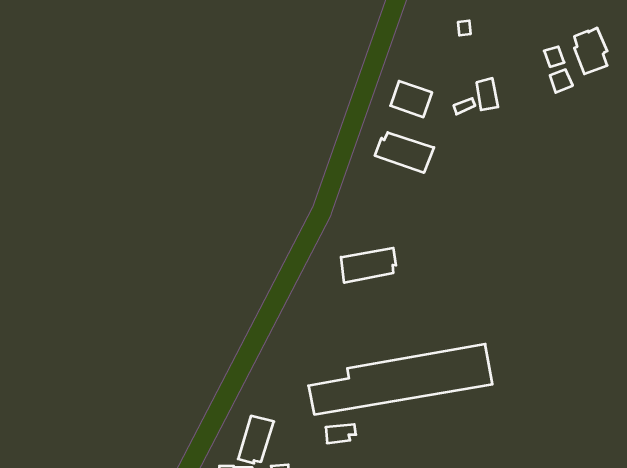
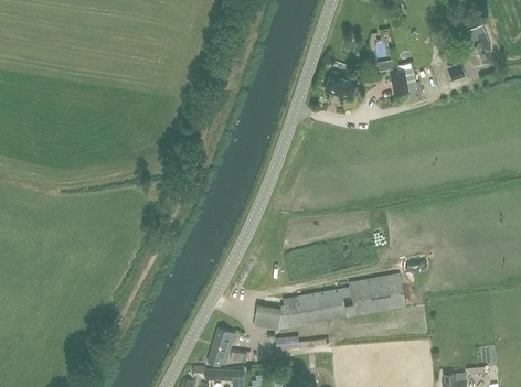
building: [375,132,434,173] -> none
building: [341,248,396,283] -> none

